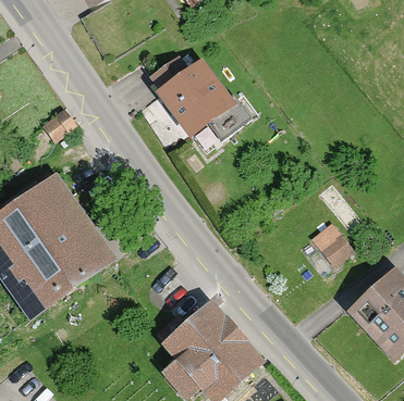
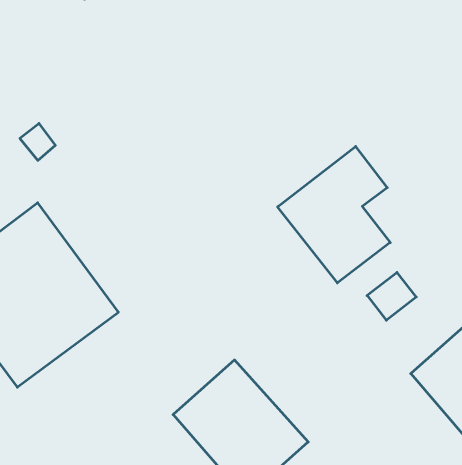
building: [145,53,238,139] -> none
building: none -> [278,146,390,283]

